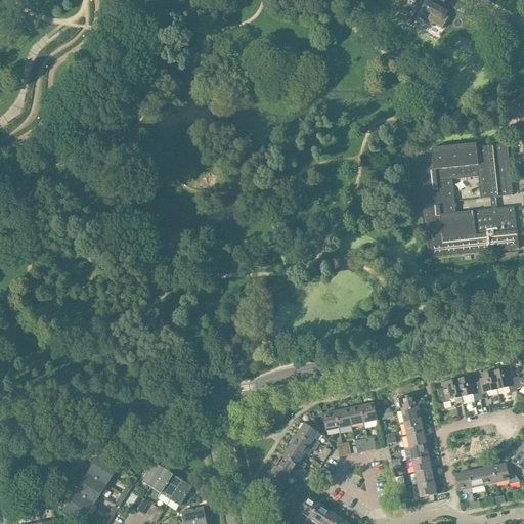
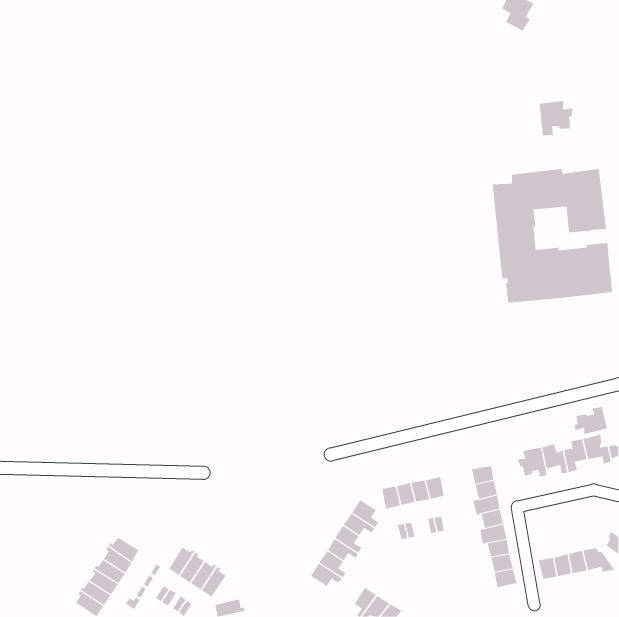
building: none -> [539,100,573,136]
building: none -> [574,406,608,435]

